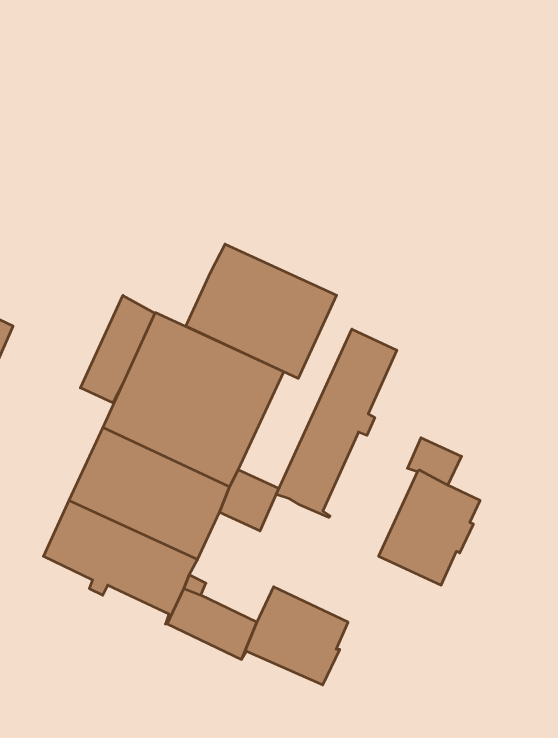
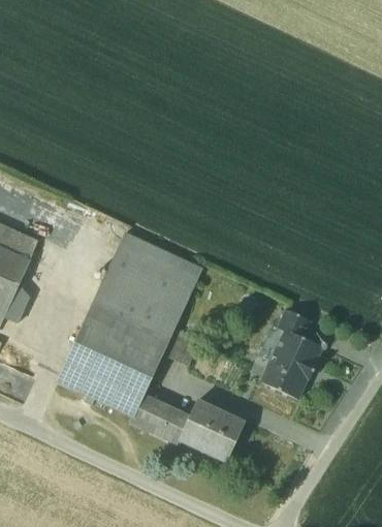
building: [186,244,337,378] -> none
building: [80,295,155,403] -> none
building: [276,329,397,517] -> none

